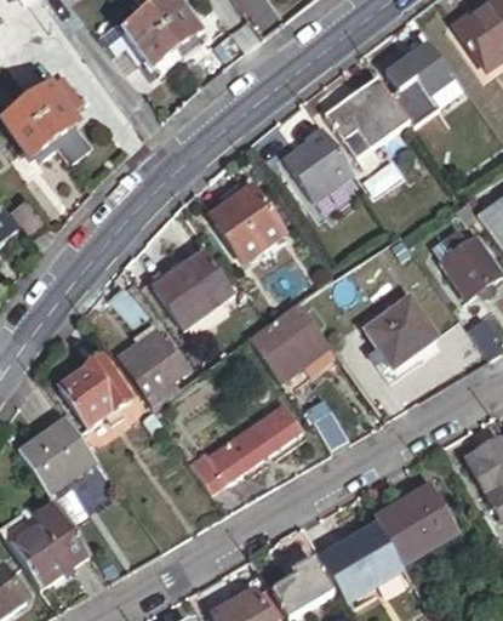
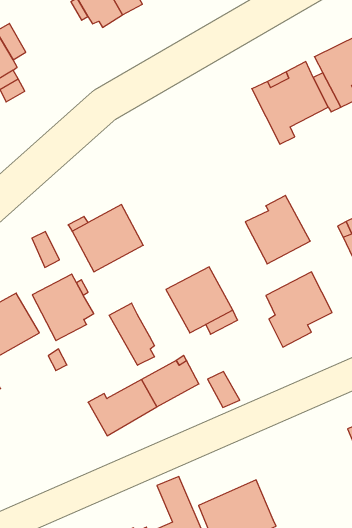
building: [287,126,358,200] -> [245,195,310,264]
building: [208,186,282,261] -> none
building: none -> [109,303,154,365]
building: [375,483,459,562] -> none

